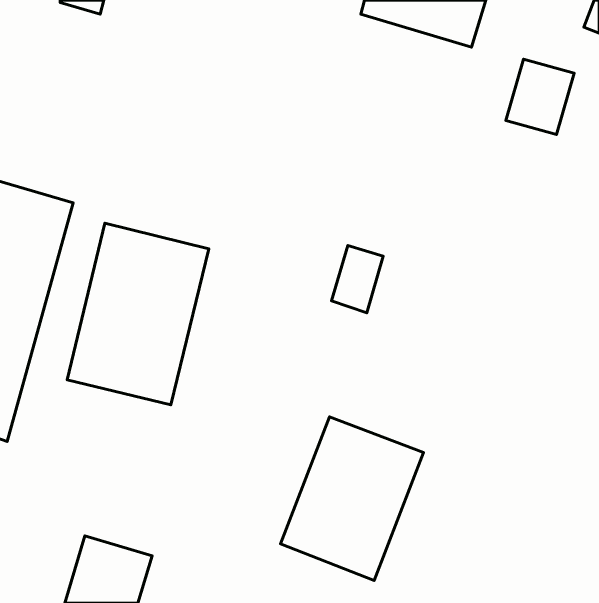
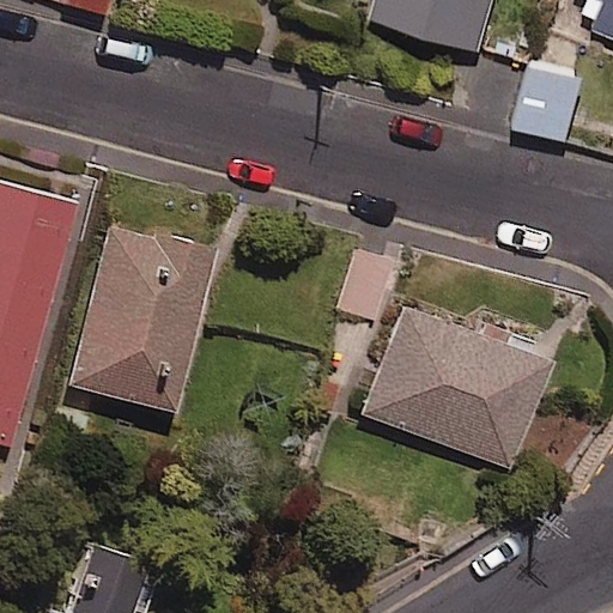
building: none -> [363,306,548,469]
building: [280,417,424,580] -> none

